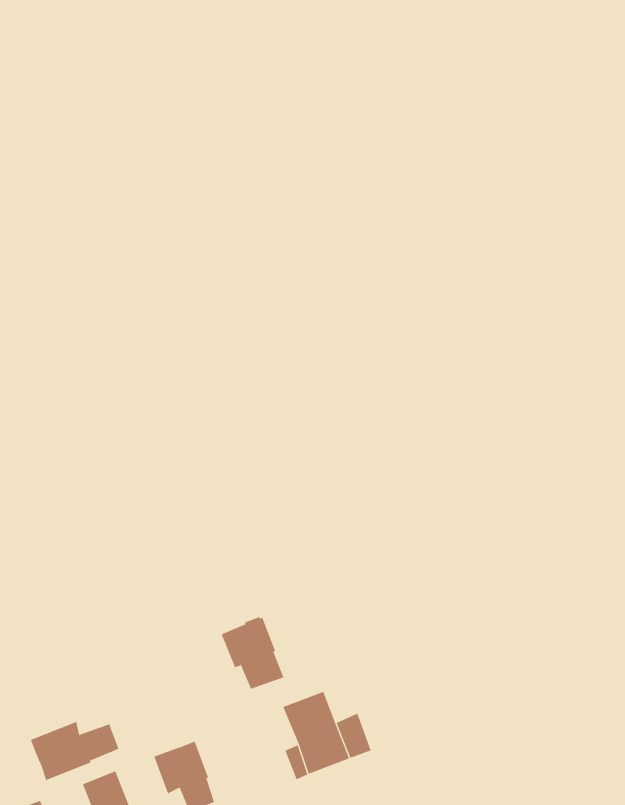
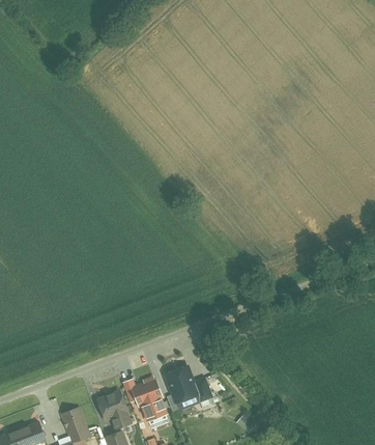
building: [221,616,284,690] -> [132,378,165,416]
building: [30,721,119,781] -> none

